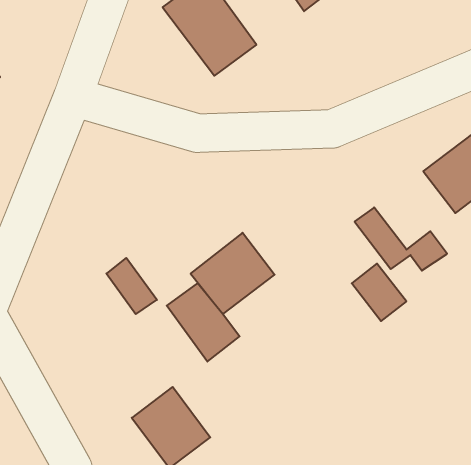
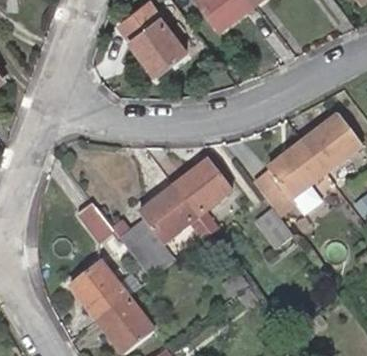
building: none -> [269,143,327,199]
building: none -> [175,162,230,217]
building: none -> [70,263,125,319]

